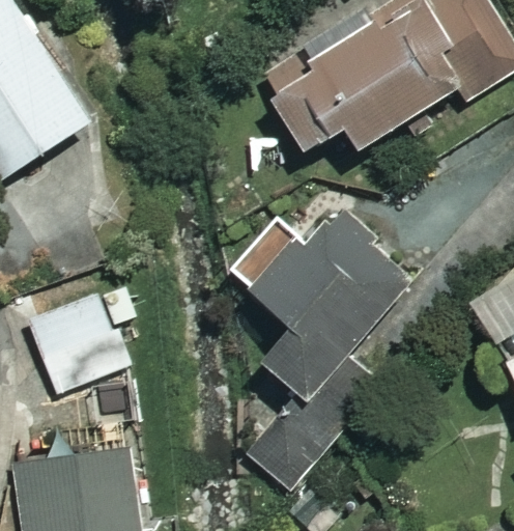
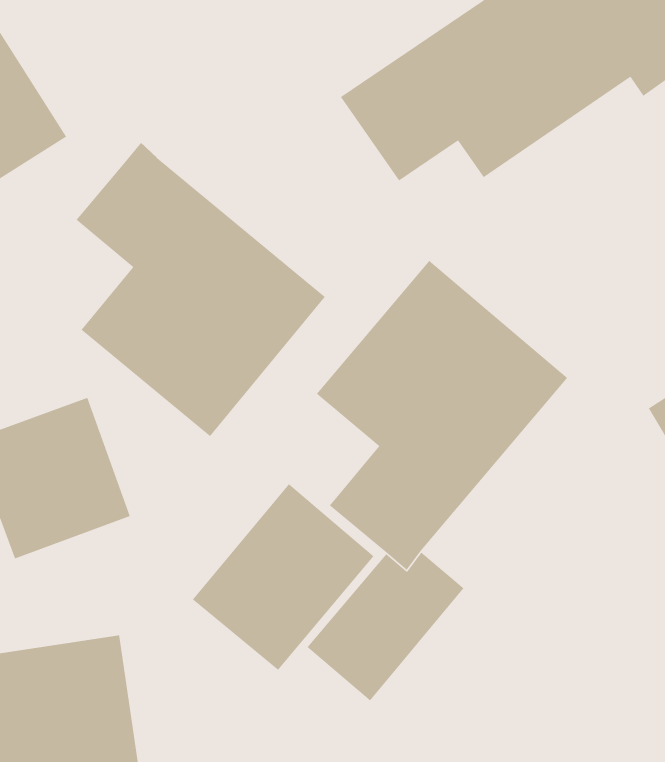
building: none -> [76,142,326,437]
building: none -> [192,483,374,671]

